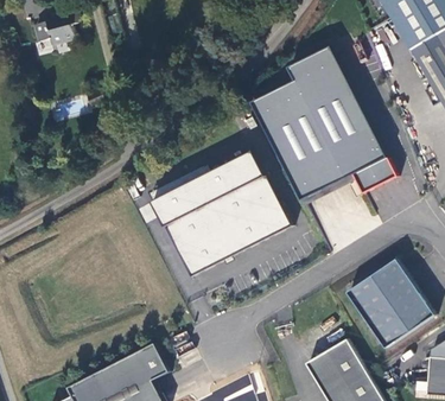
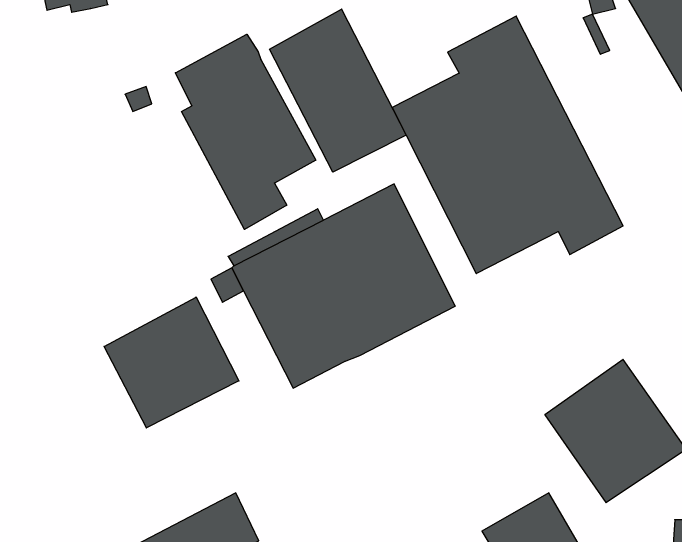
building: none -> [270,9,406,172]
building: none -> [175,34,316,229]
building: none -> [104,297,239,428]

